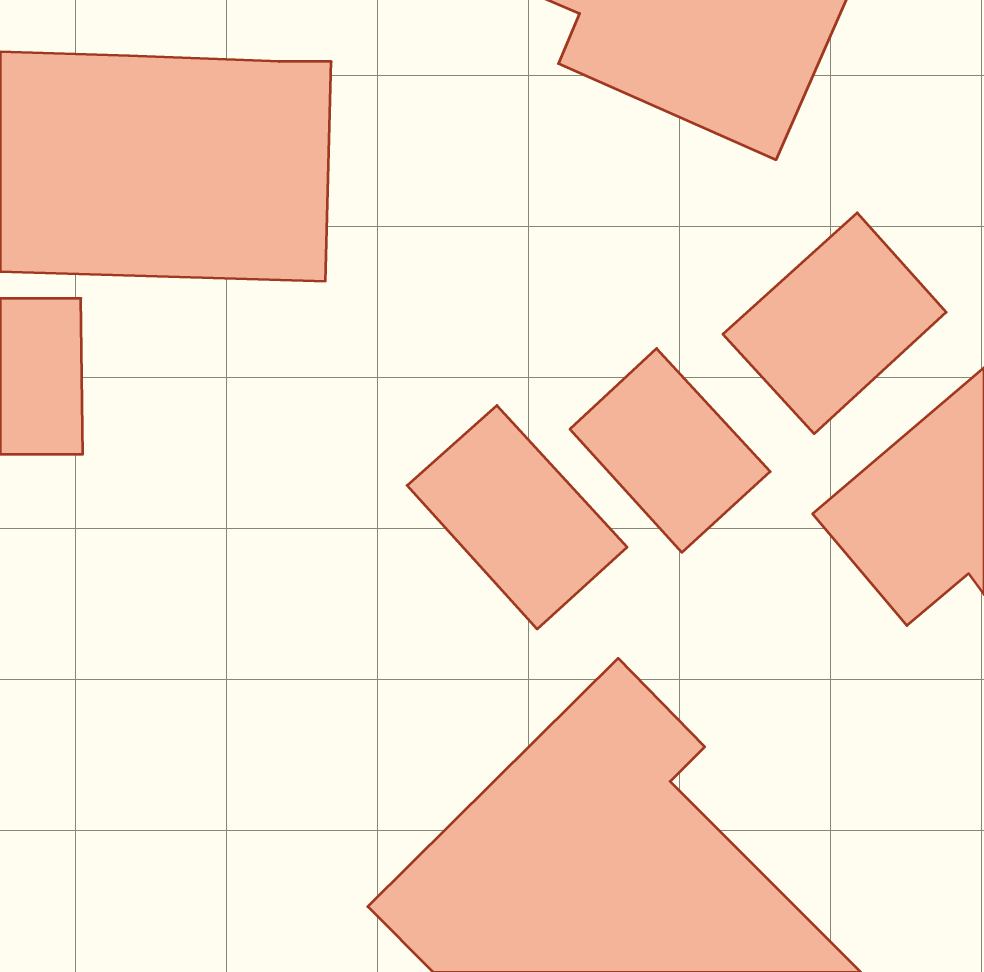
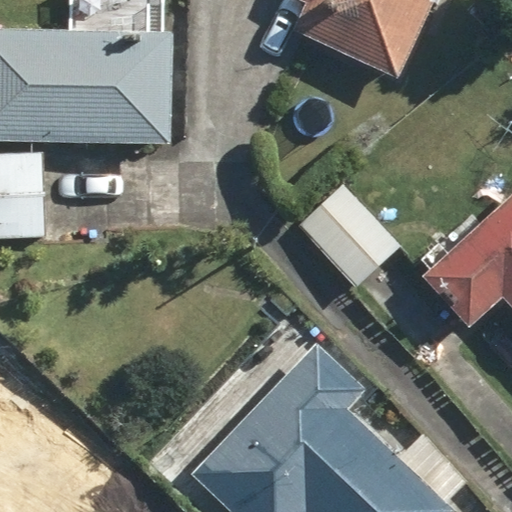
building: [723,213,946,434] -> none
building: [407,405,627,629] -> none

